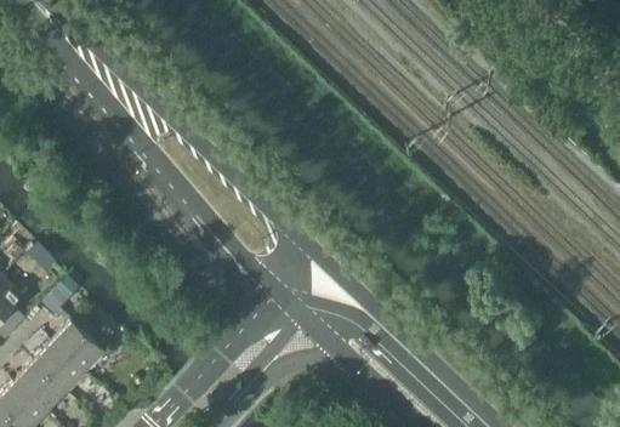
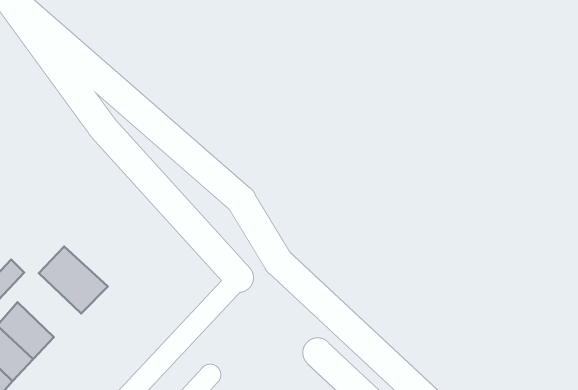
building: none -> [39,246,108,313]

